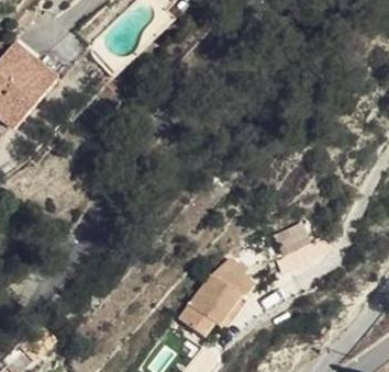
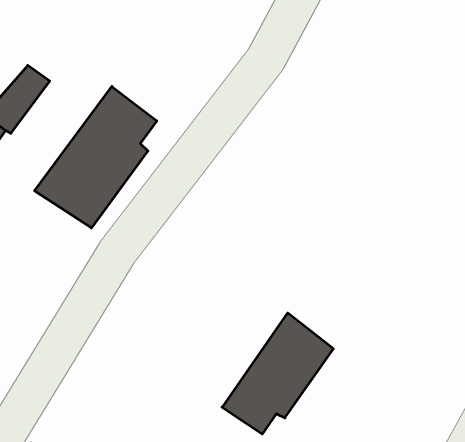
building: none -> [35,86,157,228]

